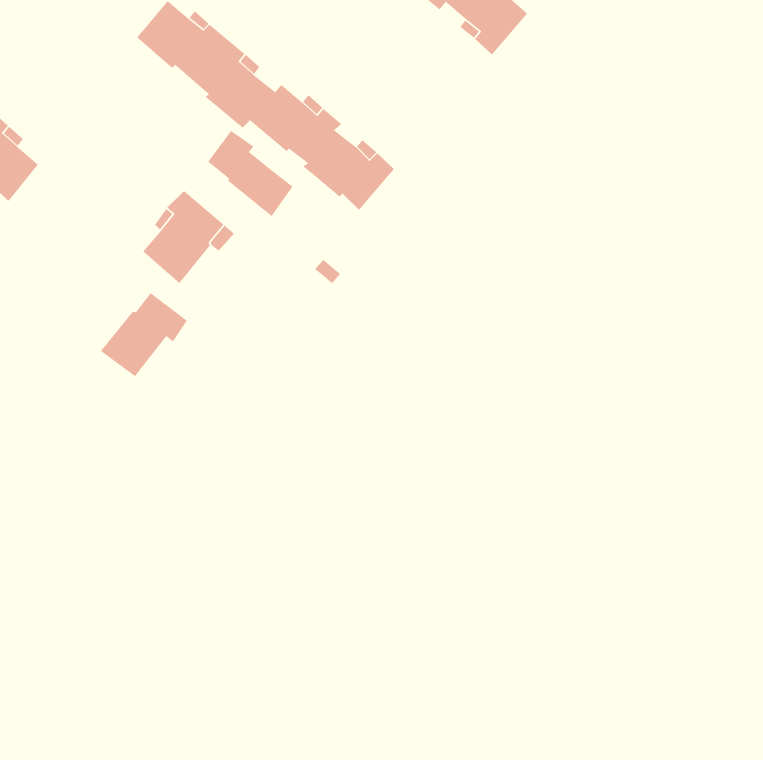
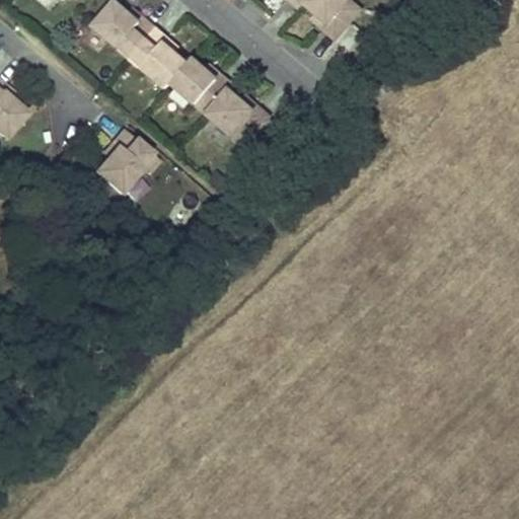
building: [207,130,294,217] -> none
building: [100,292,188,377] -> none

